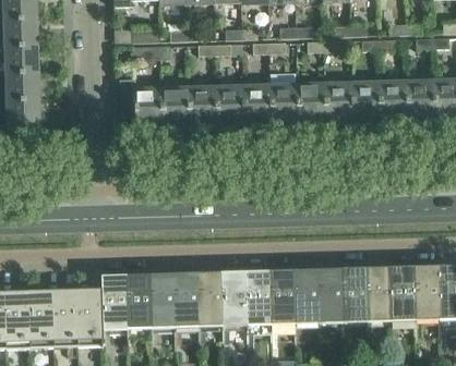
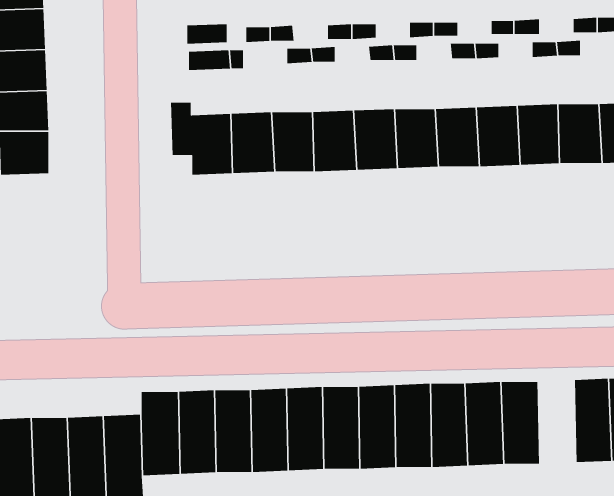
building: [365,266,391,322] -> none

